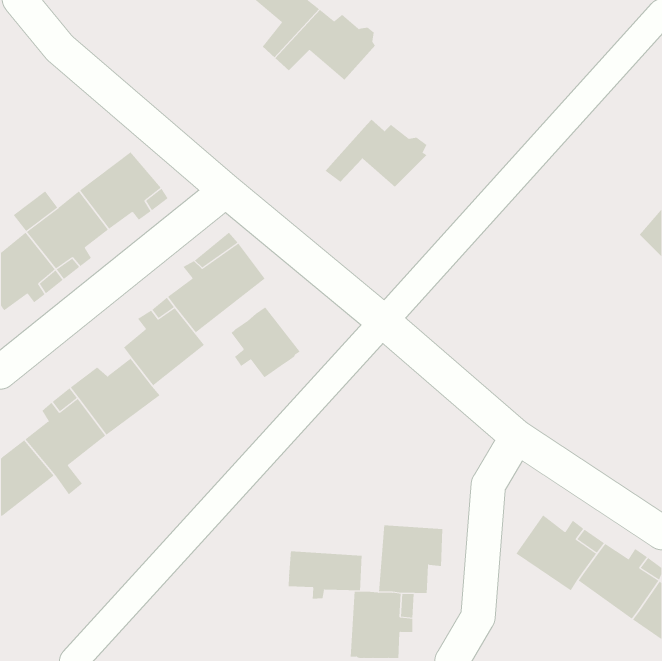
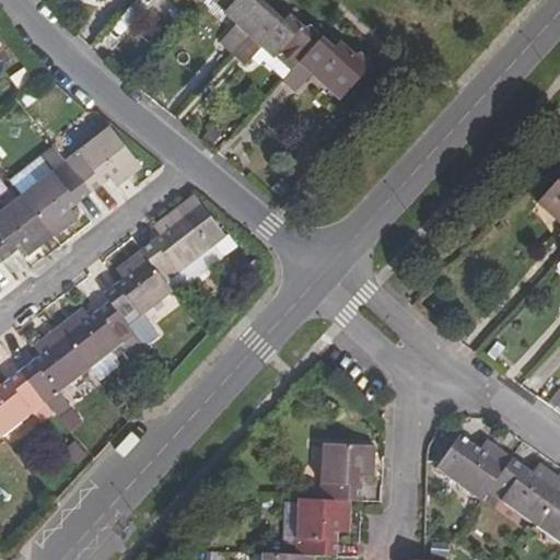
building: [325,119,427,188] -> [282,34,369,92]
building: [231,306,300,378] -> none
building: [288,550,362,600] -> none

